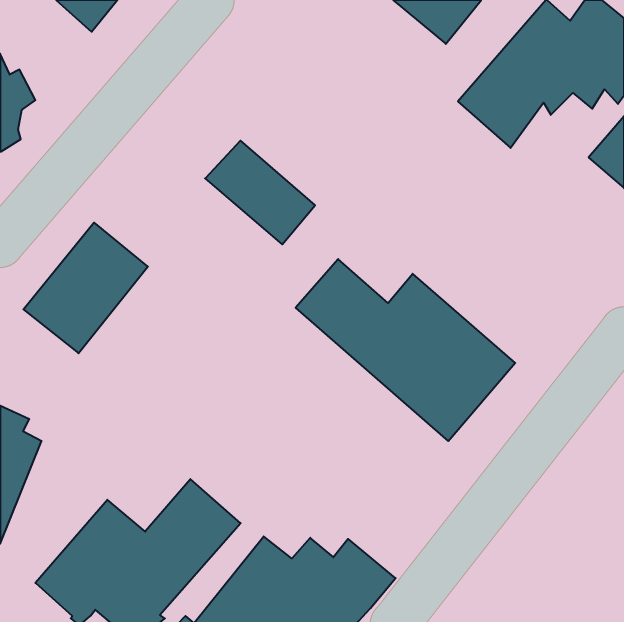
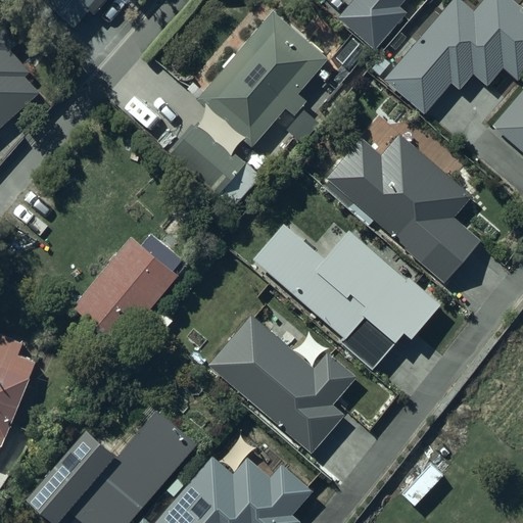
building: none -> [202,11,327,139]
building: none -> [325,132,477,276]
building: [23,223,148,353] -> [69,245,174,354]
building: none -> [208,315,353,447]

